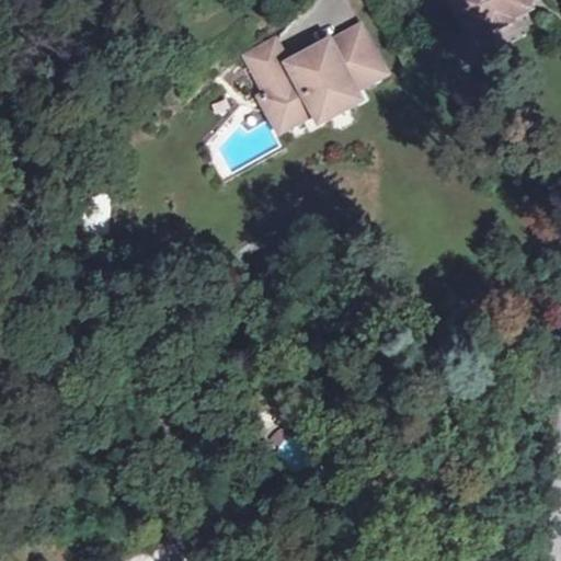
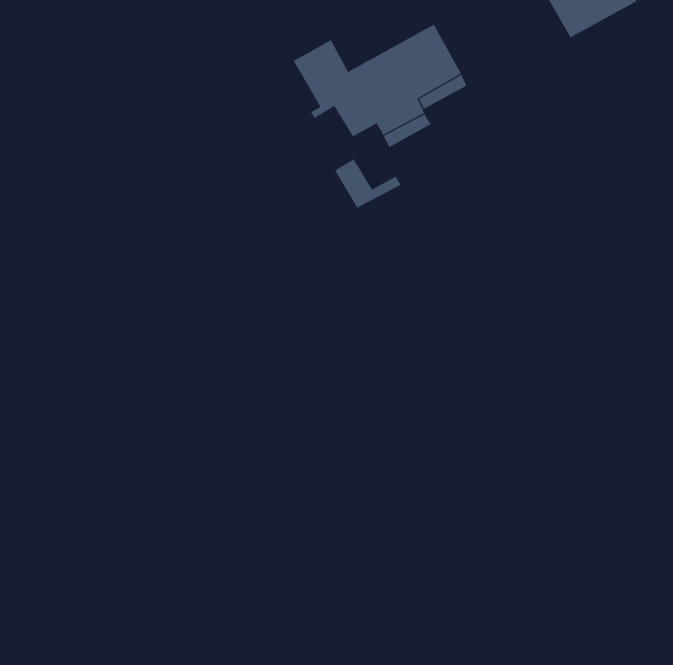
building: [262,89,318,130] -> [334,159,402,209]

